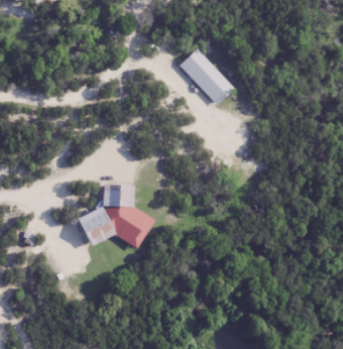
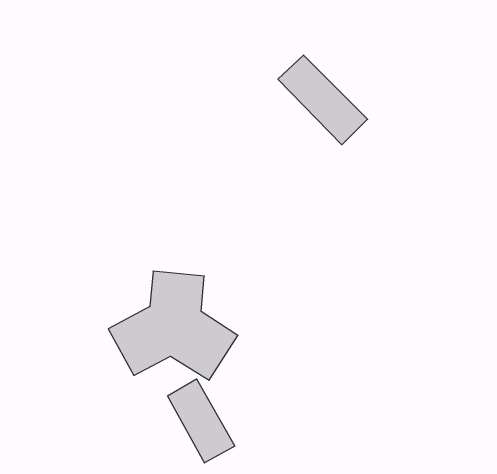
building: none -> [168,379,235,463]

